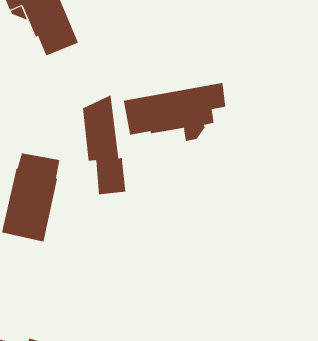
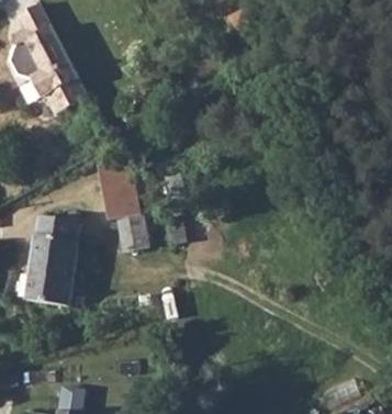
building: [123,82,226,142] -> none

